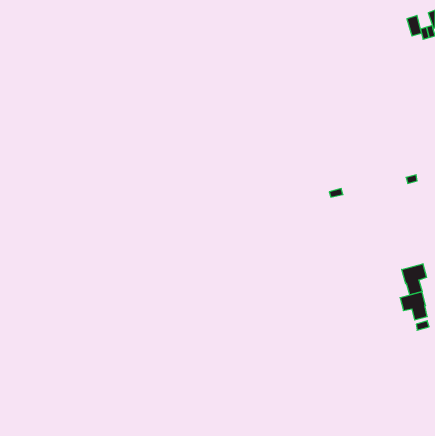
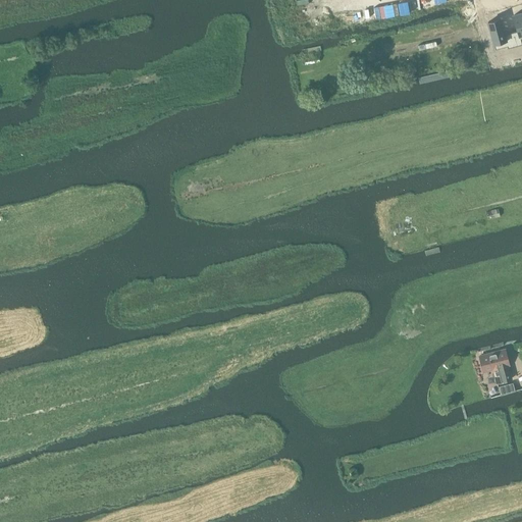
building: [402,264,427,295] -> none

